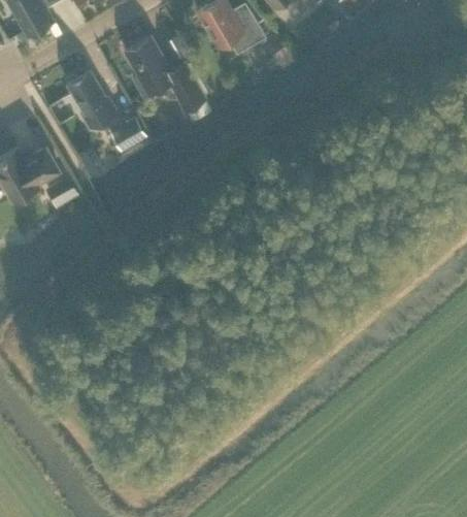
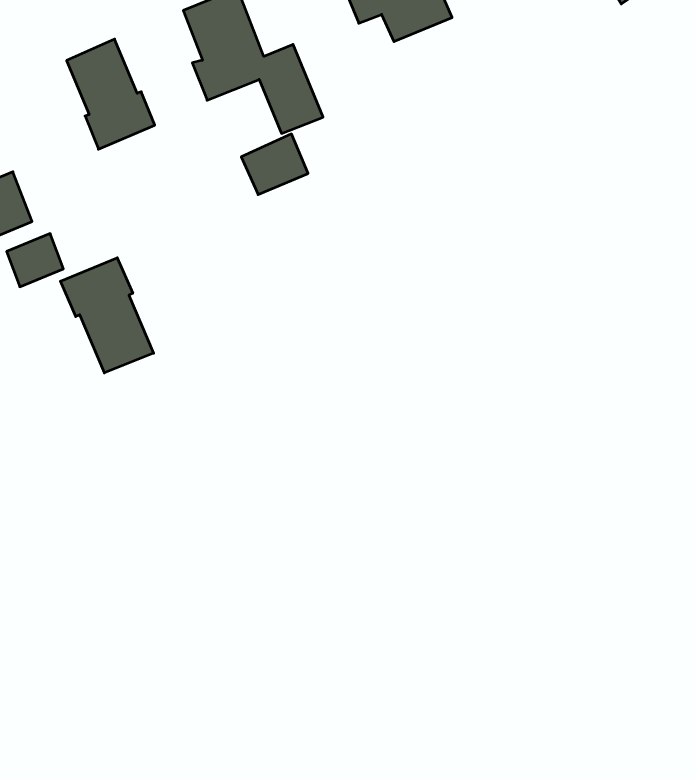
building: [109,116,145,150] -> [241,134,308,195]
building: none -> [60,258,154,373]

